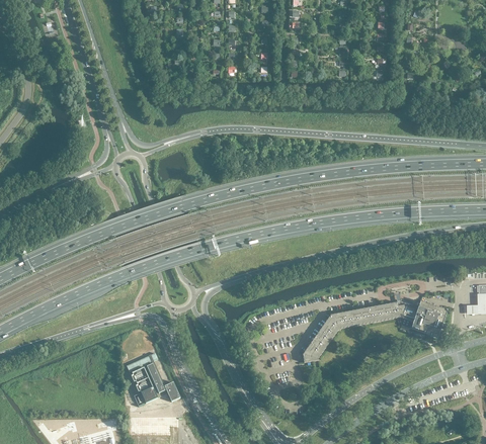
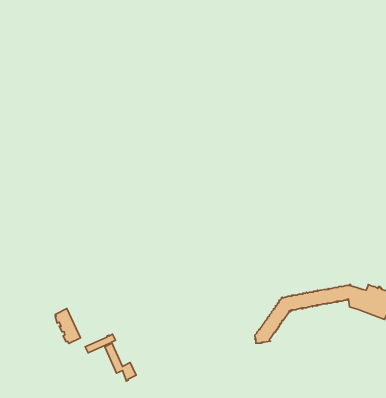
building: [132,366,158,403] -> [55,308,81,344]

